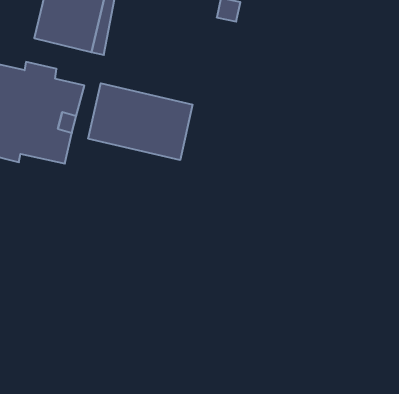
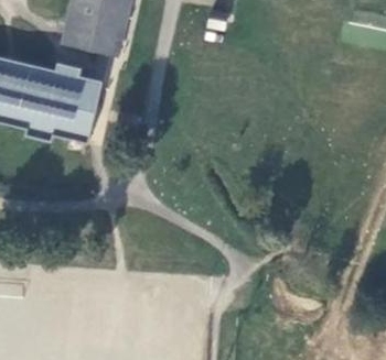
building: [88,83,193,160] -> none

